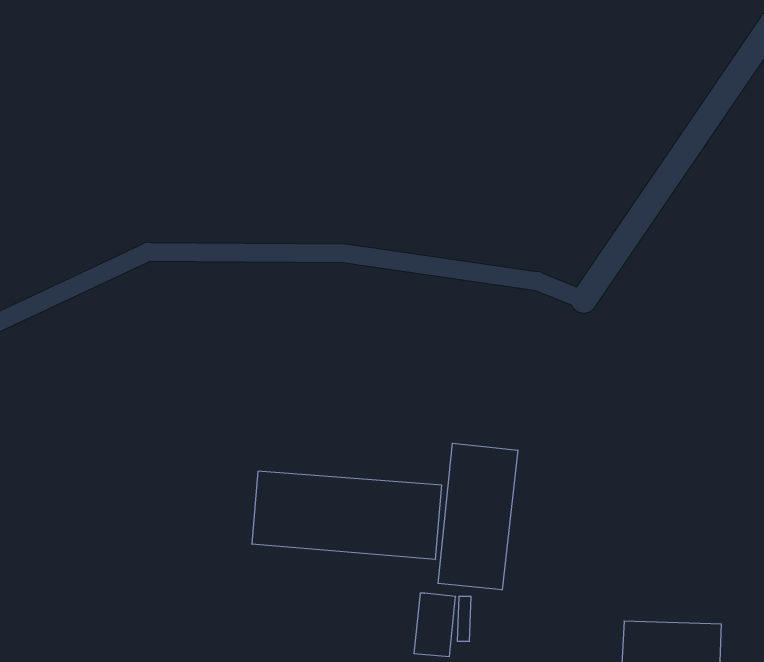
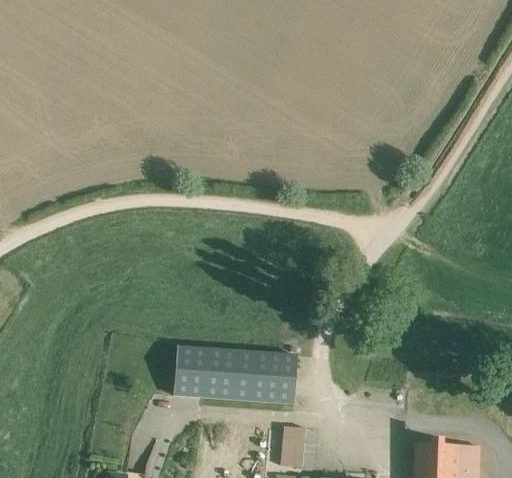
building: [438,443,518,590] -> none

